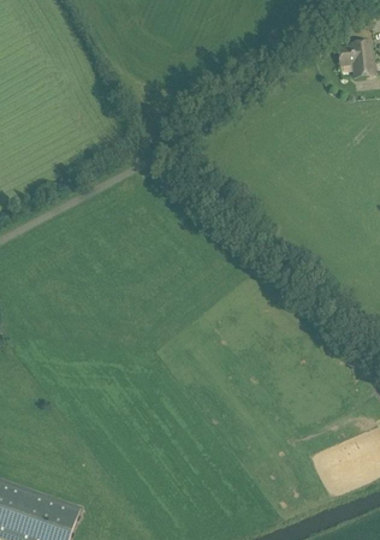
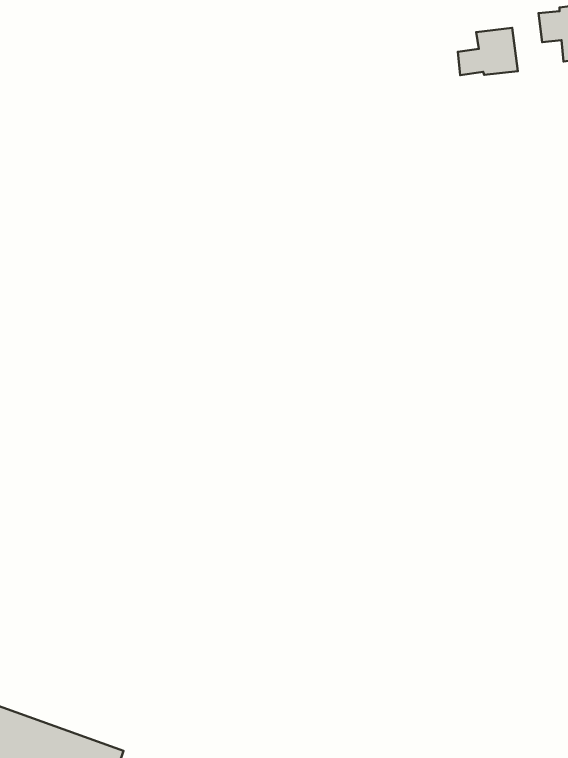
building: none -> [458,28,518,75]

